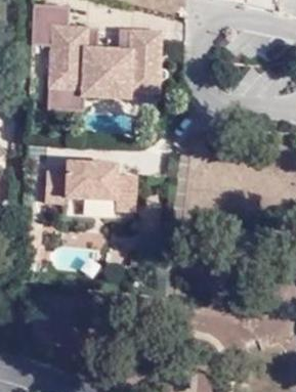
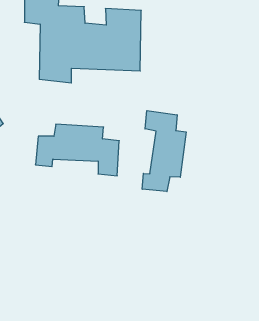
building: none -> [142,111,186,192]

